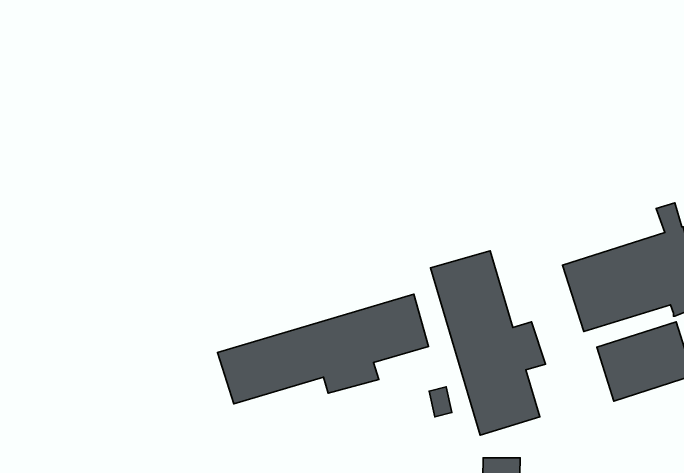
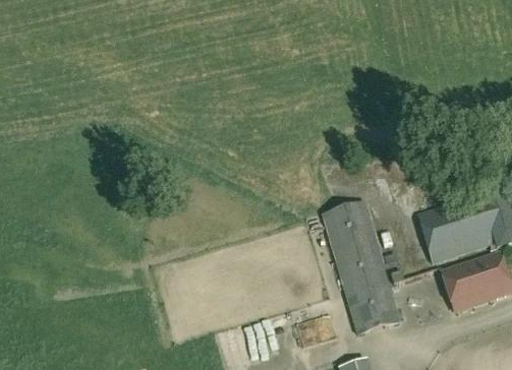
building: [218,294,429,404] -> none

